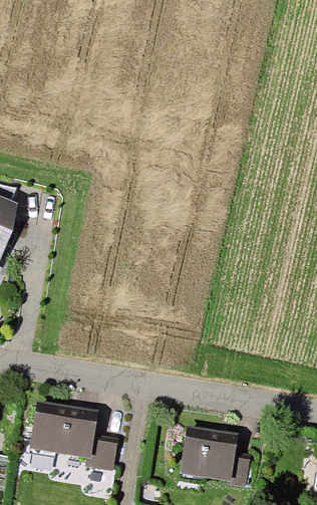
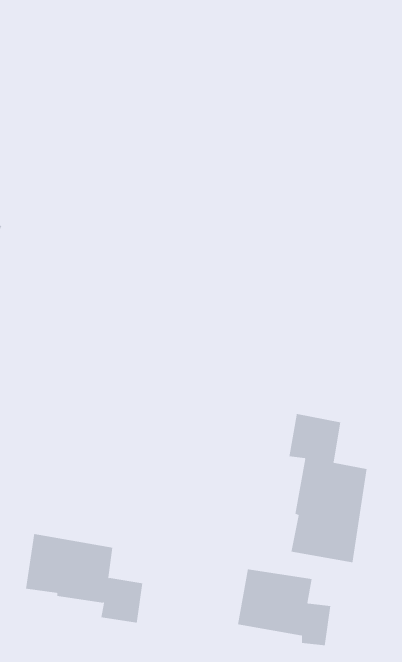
building: none -> [289,413,367,563]

